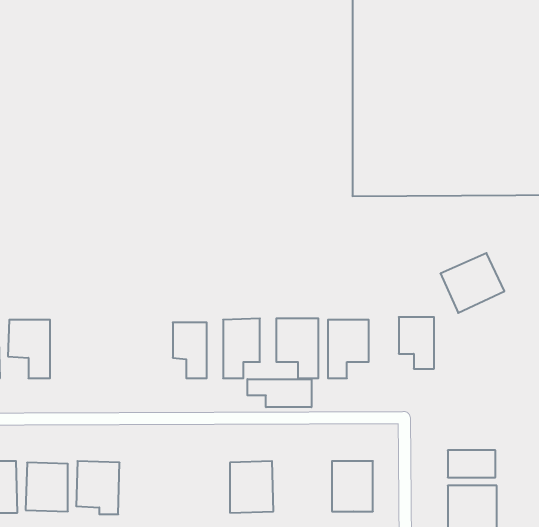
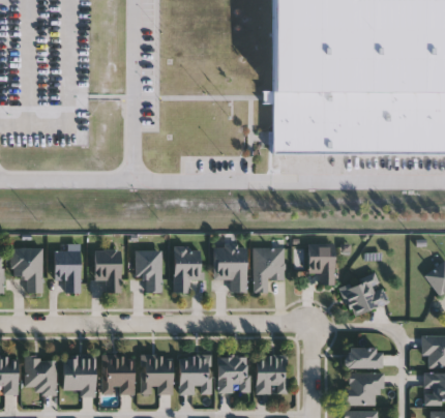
building: [440,253,504,313] -> [339,272,388,318]
building: none -> [94,249,120,292]
building: none -> [53,250,80,292]
building: [247,379,311,407] -> none
building: none -> [101,355,134,393]
building: none -> [140,355,172,393]
building: none -> [217,356,249,392]

